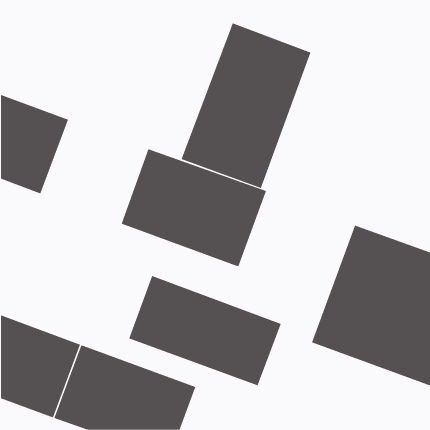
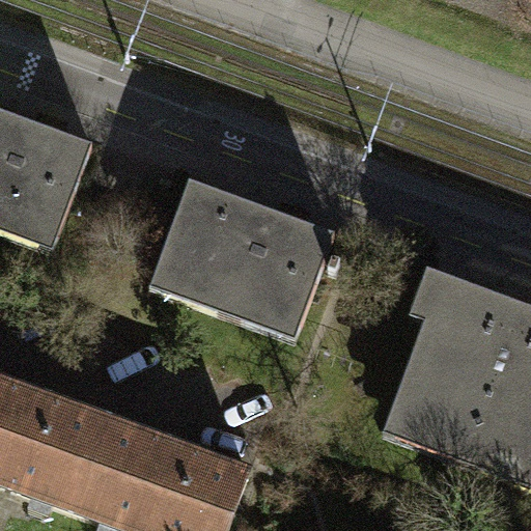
building: [181,23,311,189] -> none
building: [129,275,281,386] -> none

